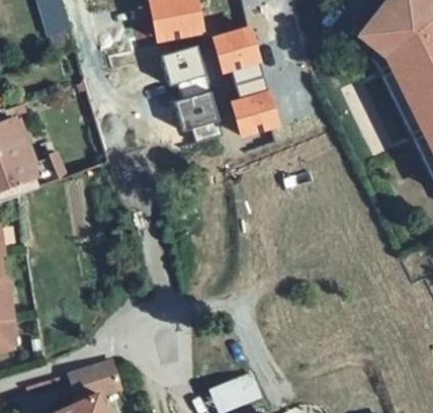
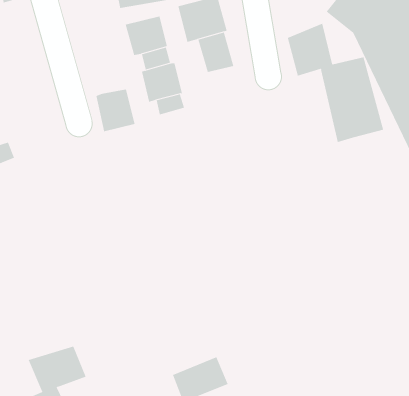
building: none -> [287,23,384,143]
building: [232,93,279,137] -> none
building: none -> [96,88,135,132]

